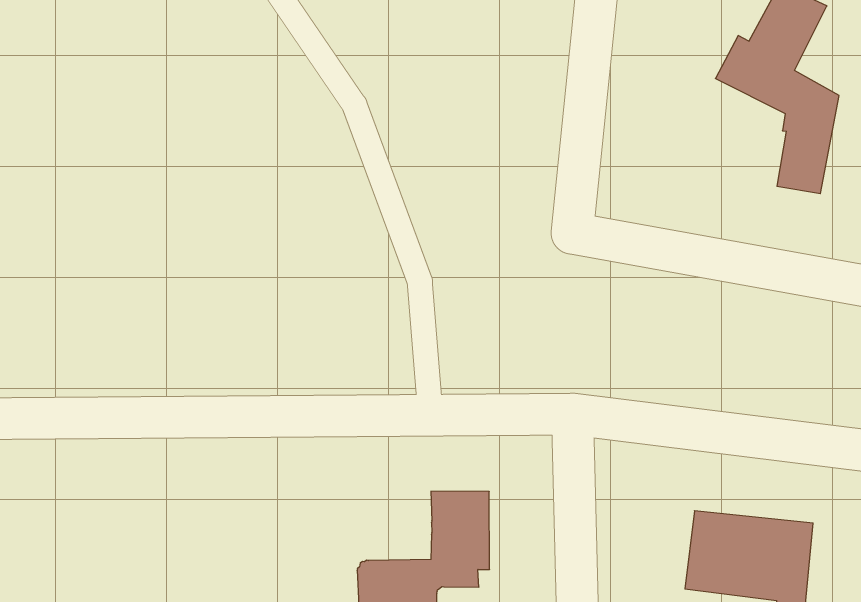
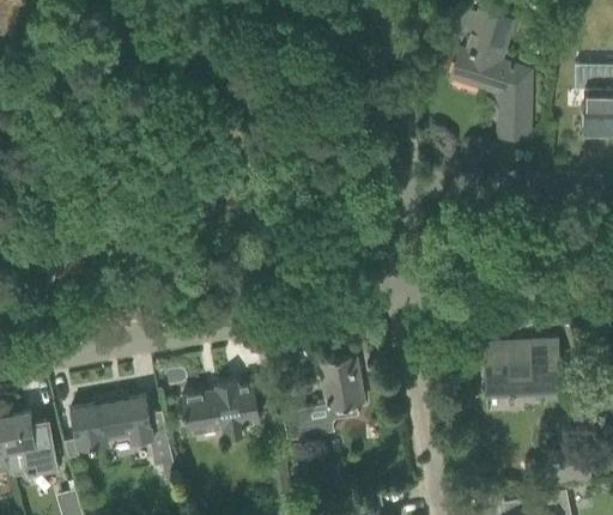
building: none -> [71,395,168,448]
building: none -> [182,382,260,438]

